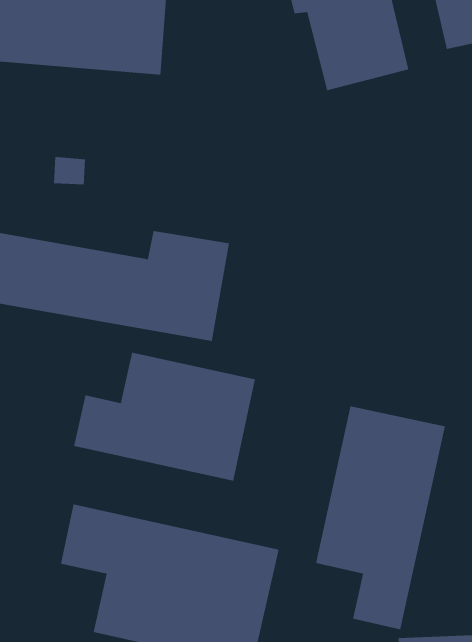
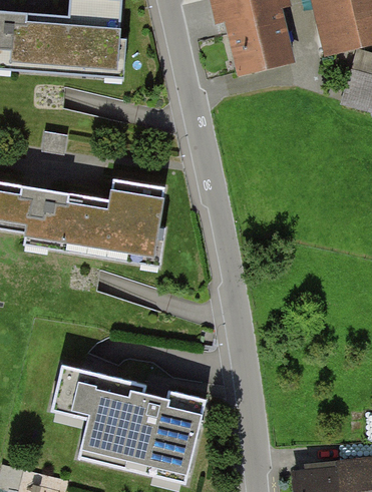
building: [74,352,256,482] -> none
building: [315,406,446,630] -> none

